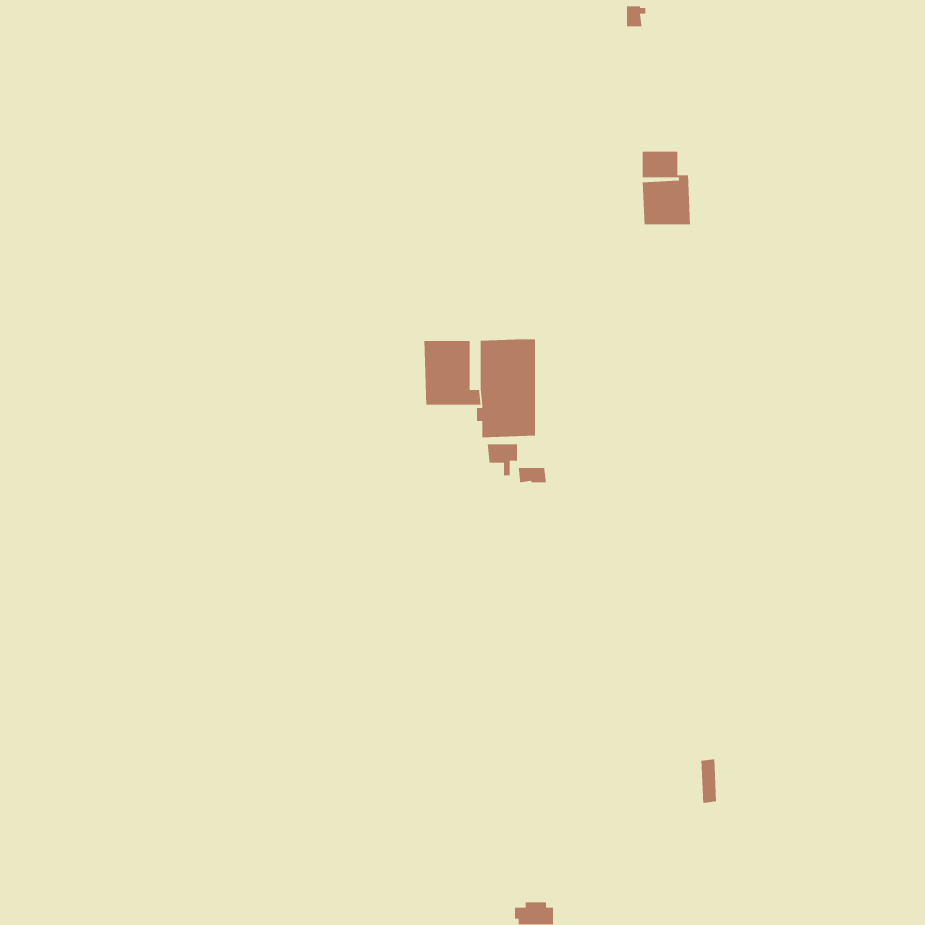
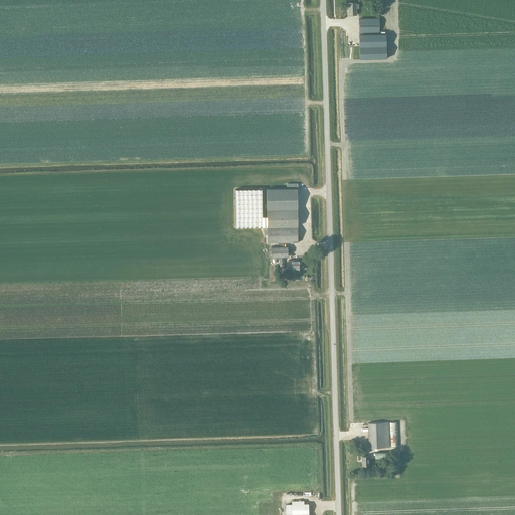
building: [642,151,691,225] -> [359,18,386,59]
building: none -> [369,423,385,449]

